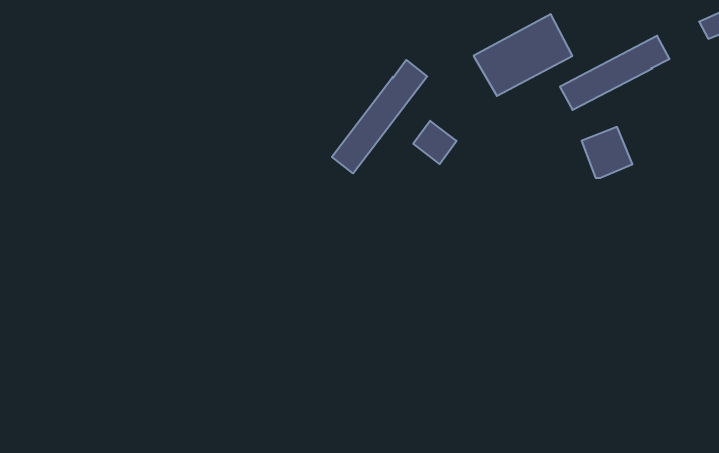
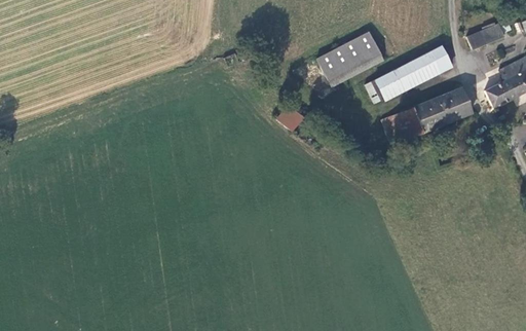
building: [332,60,427,173] -> none
building: none -> [413,87,472,132]

